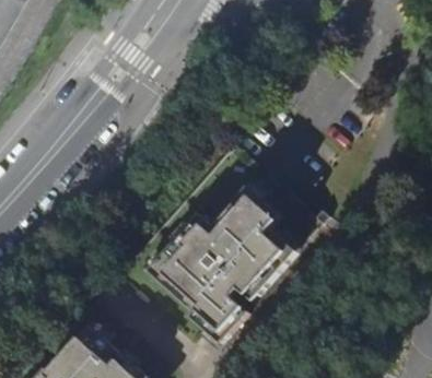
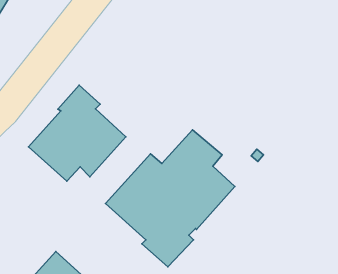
building: none -> [29,85,126,181]

